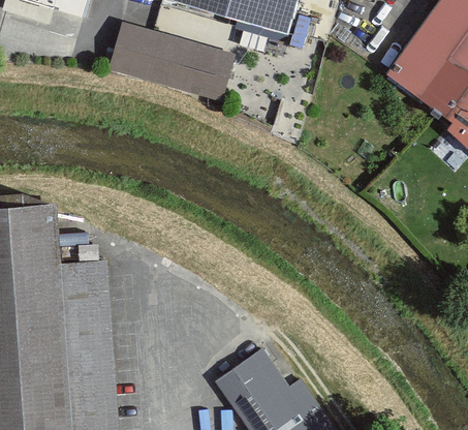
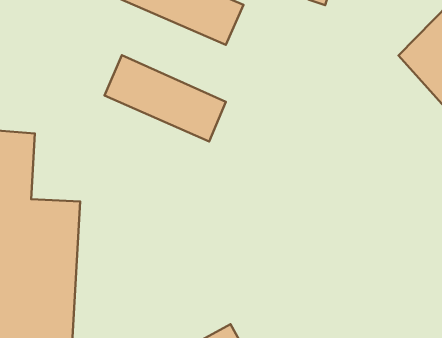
building: none -> [104,55,226,142]

